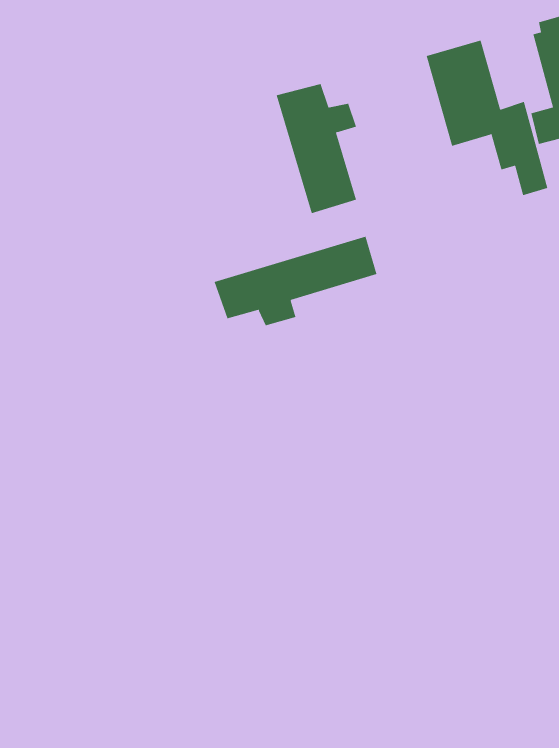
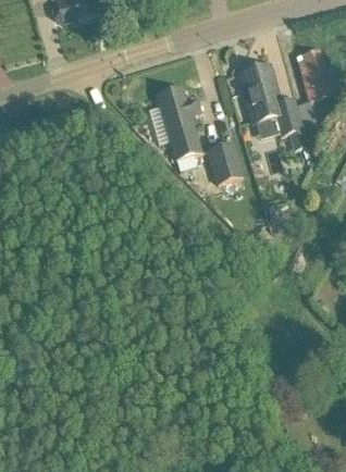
building: none -> [210,144,245,184]
building: [214,236,377,326] -> none

